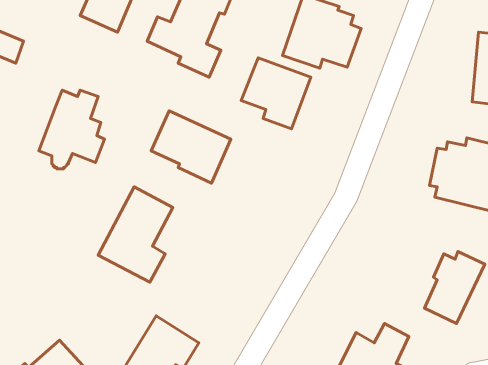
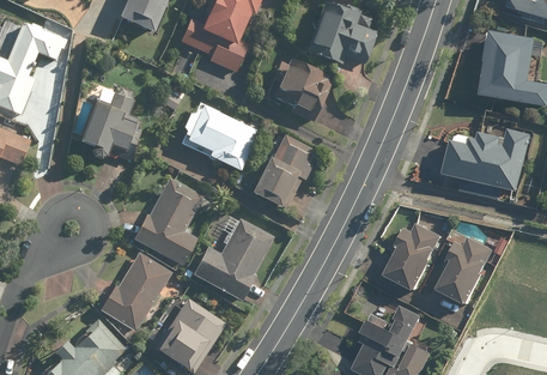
building: none -> [250,132,316,208]
building: none -> [192,219,275,301]
building: none -> [384,224,440,291]
building: none -> [101,253,171,332]

